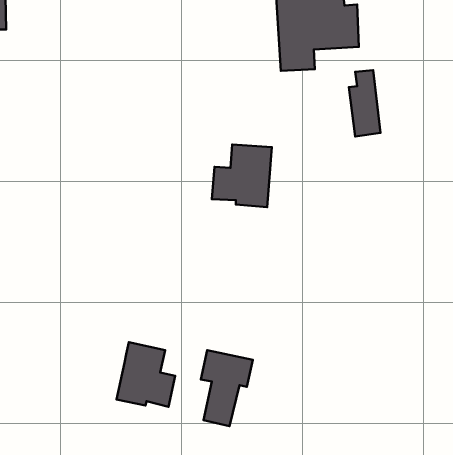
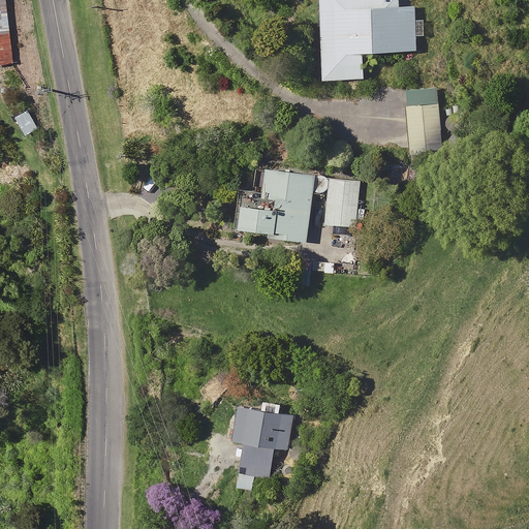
building: none -> [325,179,364,226]
building: [116,342,175,407] -> none

